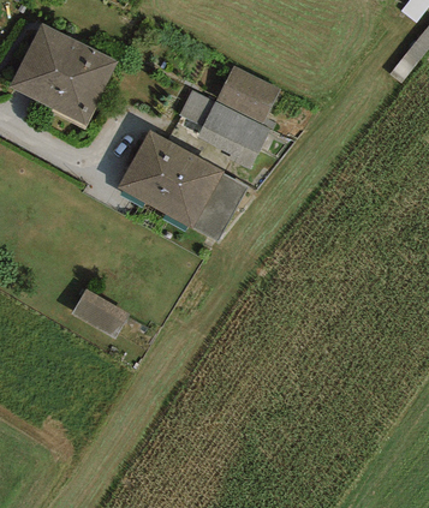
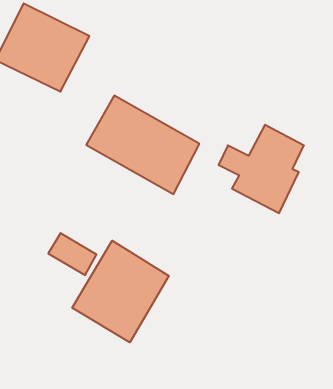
building: [179,65,279,168] -> [219,125,304,213]
building: none -> [72,241,169,342]

